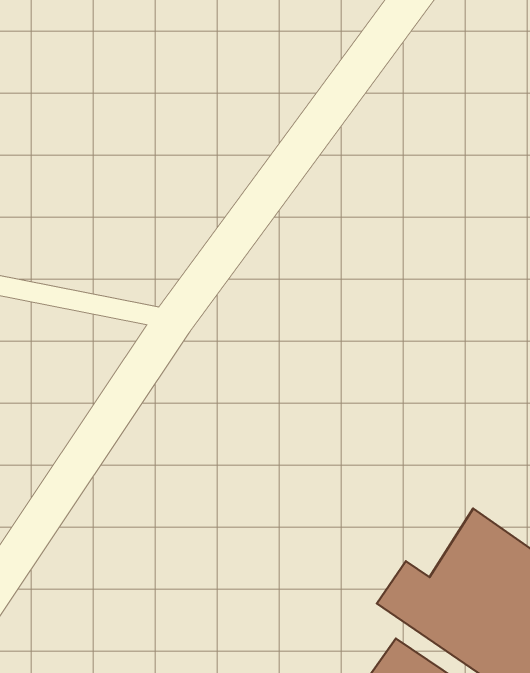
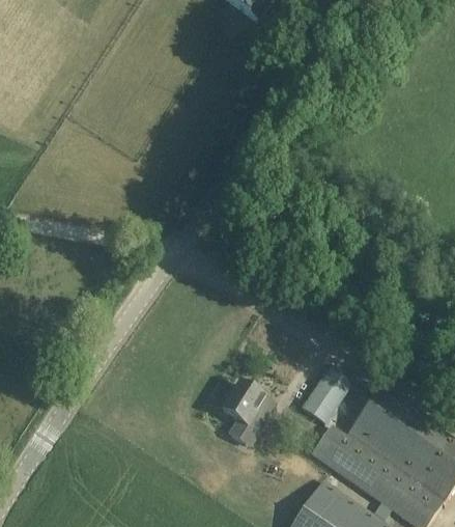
building: none -> [302,368,351,425]
building: none -> [221,382,276,448]

